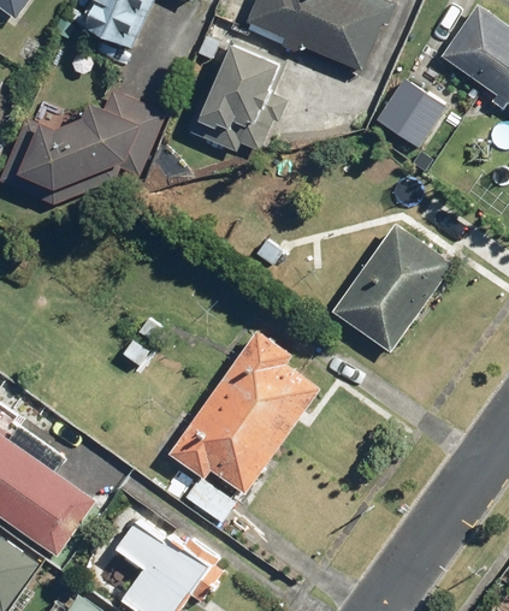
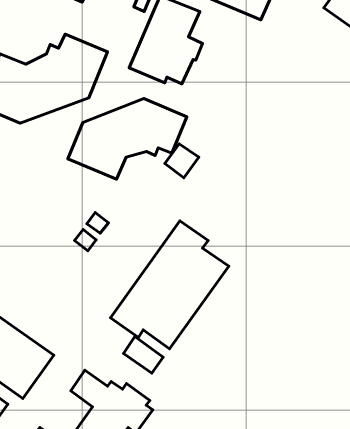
building: [374,78,444,148] -> none
building: none -> [68,99,187,179]
building: [331,223,454,352] -> none

